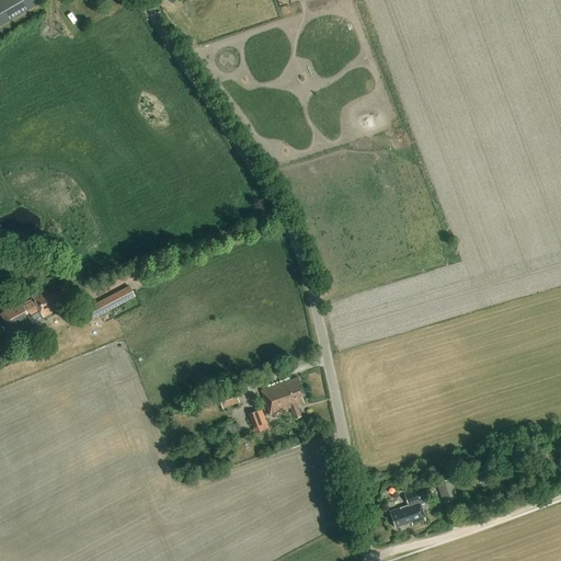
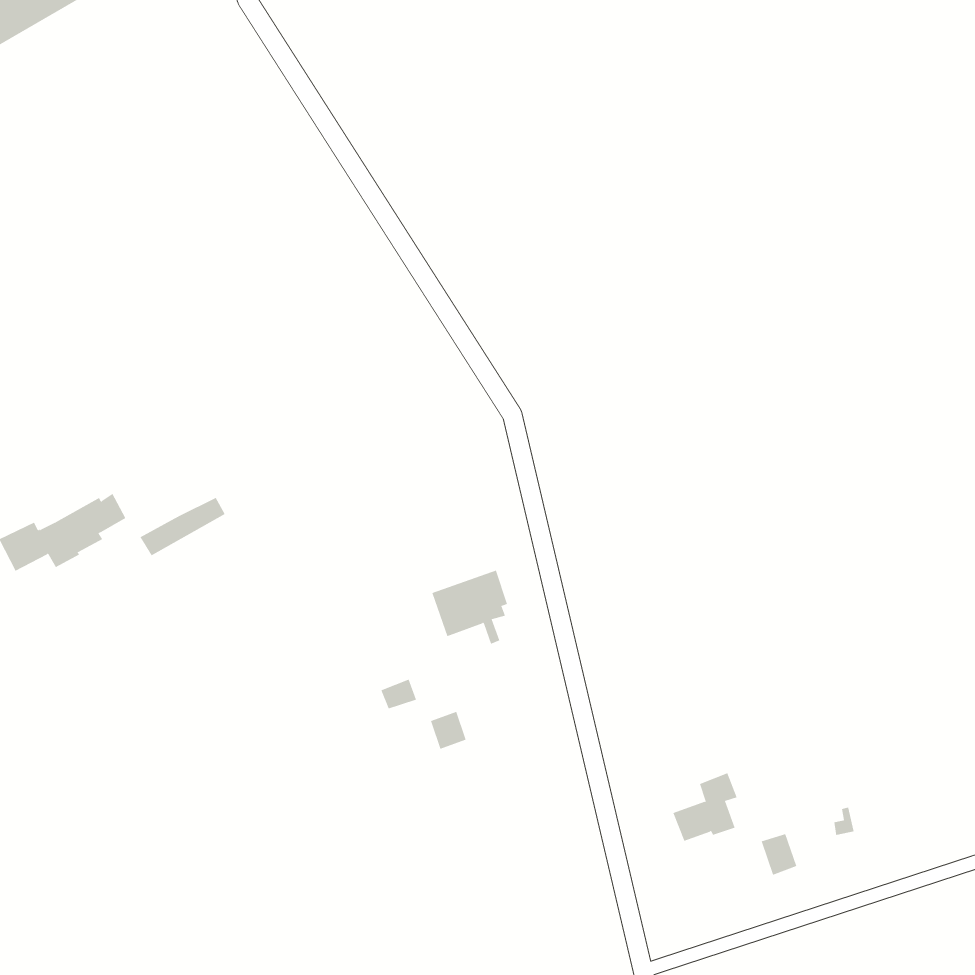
building: [261,375,305,417] -> [431,570,508,644]
building: [389,488,426,527] -> [672,773,737,841]

